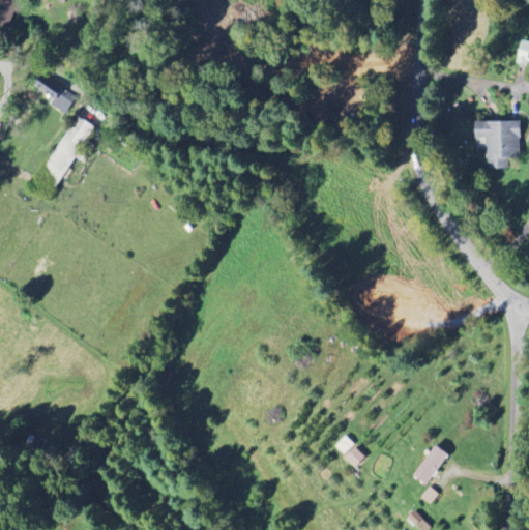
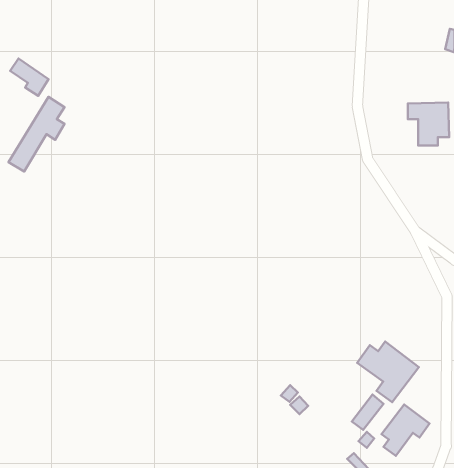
building: none -> [357,341,419,402]
building: none -> [382,405,430,456]

